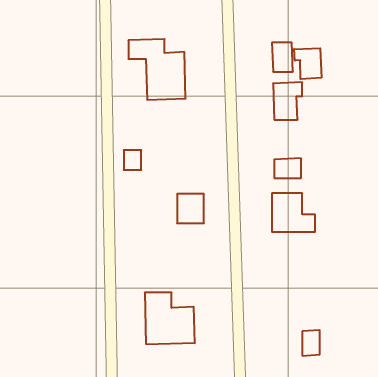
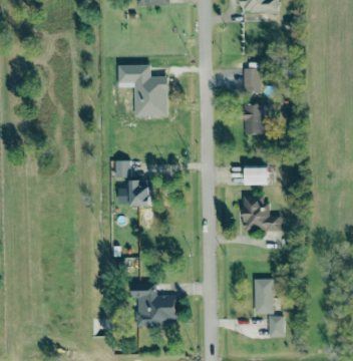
building: [294,48,321,79] -> none
building: [177,194,204,223] -> [130,181,153,206]
building: none -> [254,279,274,314]

